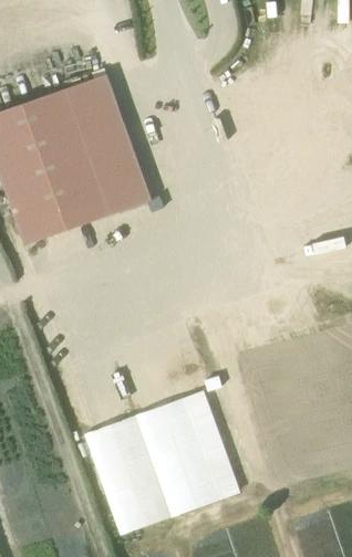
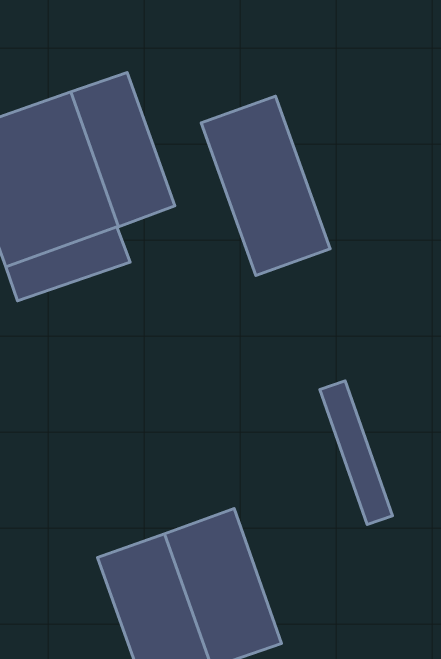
building: none -> [201,96,330,276]
building: [99,174,151,216] -> none
building: [186,392,240,500] -> [320,381,393,525]

